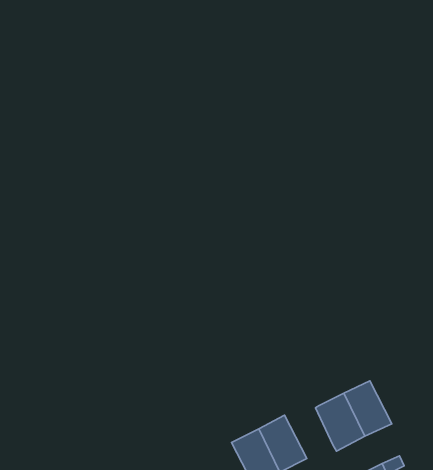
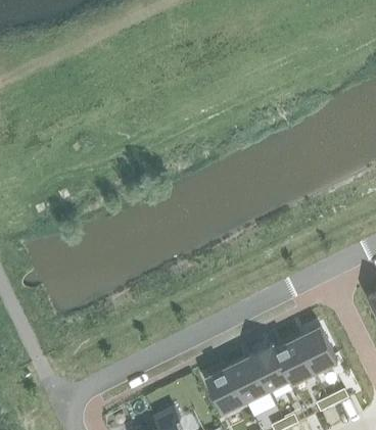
building: none -> [248,344,288,392]

